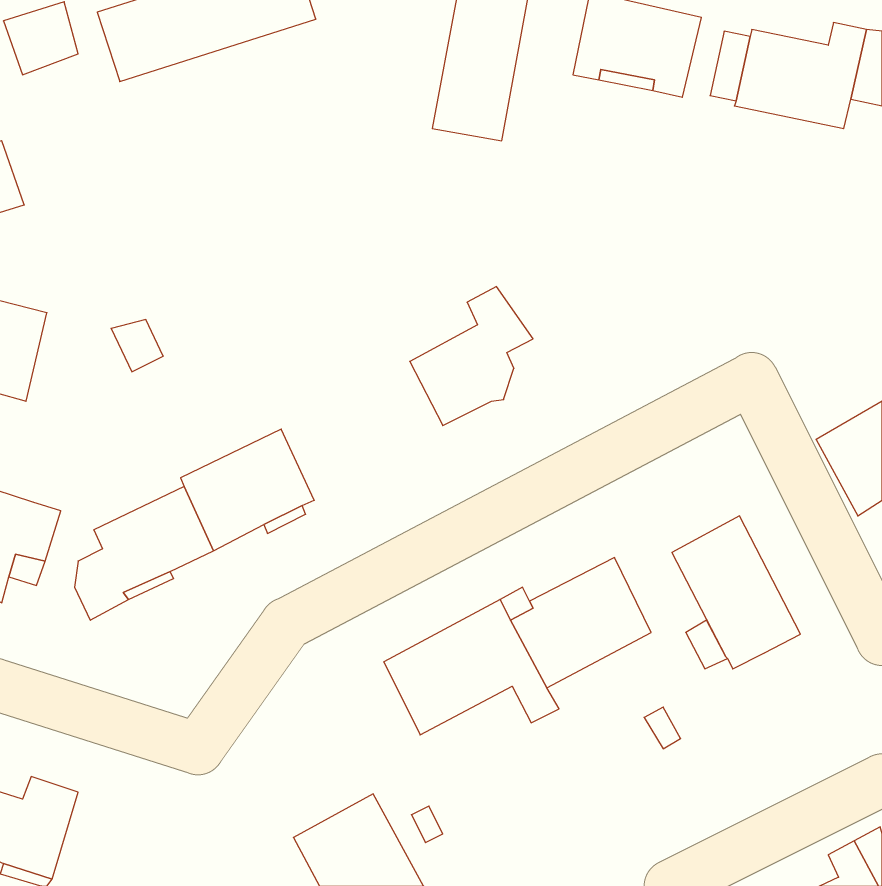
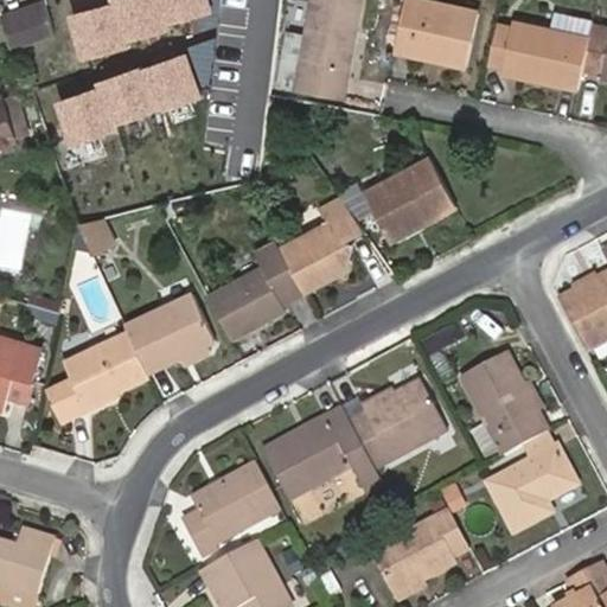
building: none -> [52,46,204,148]
building: none -> [363,156,455,241]
building: none -> [206,241,302,338]
building: none -> [487,433,574,530]
building: none -> [181,464,279,552]
building: none -> [370,510,469,596]

